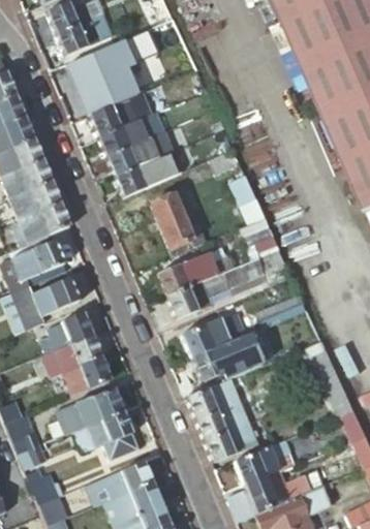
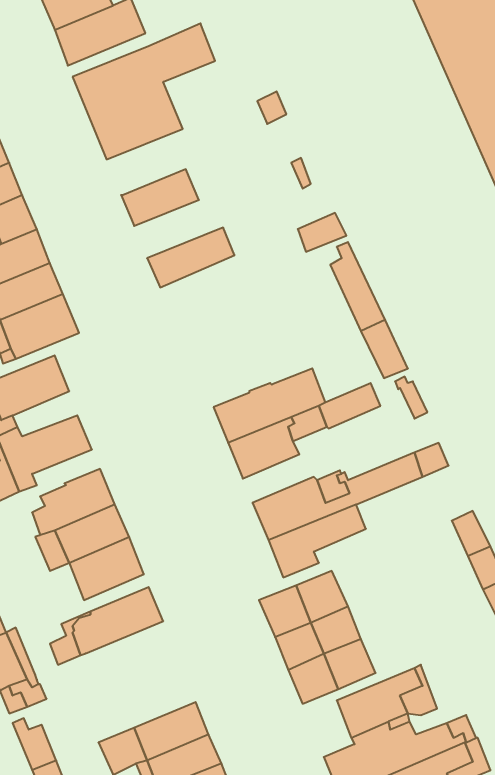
building: [87,99,138,138] -> none
building: [104,134,171,179] -> none
building: [149,189,205,256] -> none
building: [73,410,138,461] -> none

